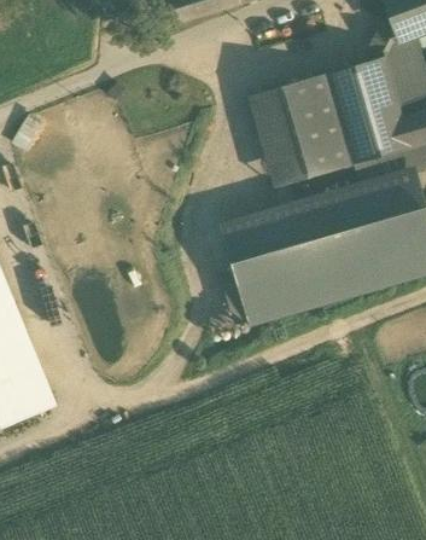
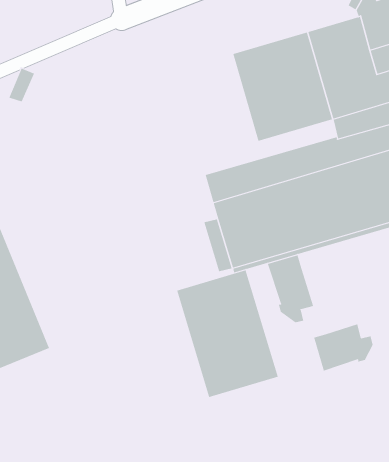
building: none -> [267,254,314,323]
building: none -> [176,269,279,398]
building: none -> [313,324,373,371]

